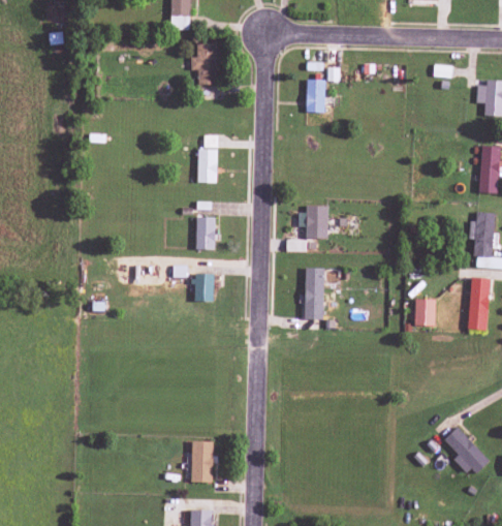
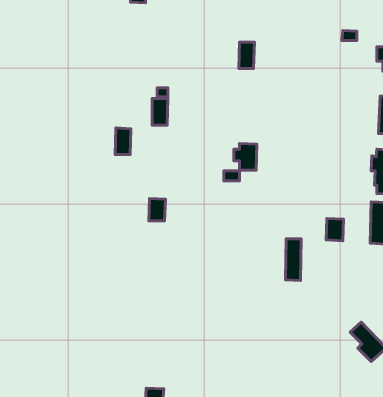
building: [191,42,218,85] -> none
building: [196,216,216,249] -> [115,128,131,154]
building: [305,268,324,319] -> [285,239,301,281]
building: [191,440,214,482] -> none

